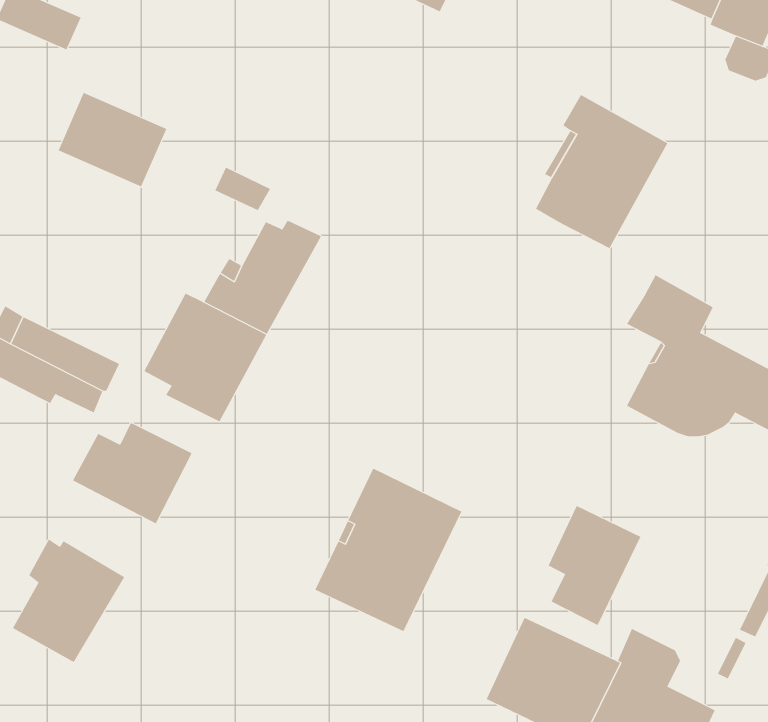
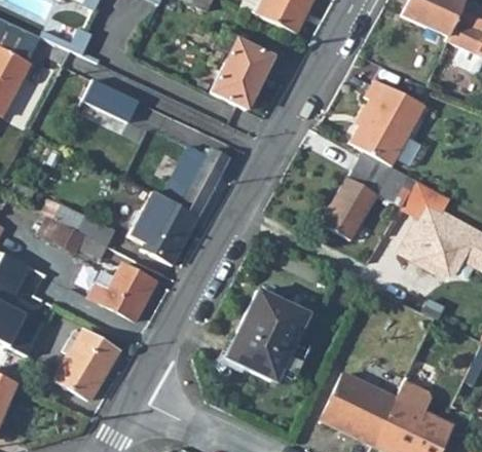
building: none -> [211,39,273,110]
building: none -> [322,152,417,240]
building: [548,505,641,626] -> none

